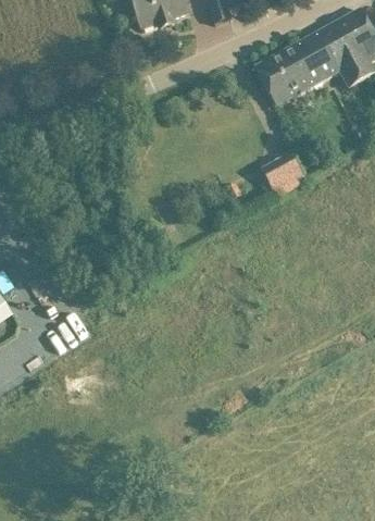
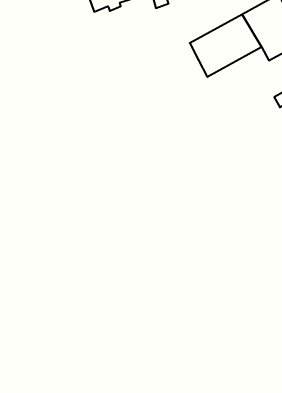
building: [262,150,307,191] -> none

